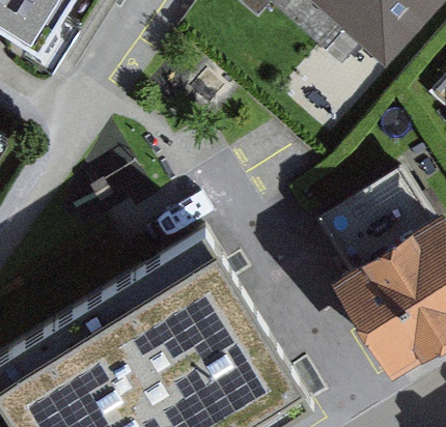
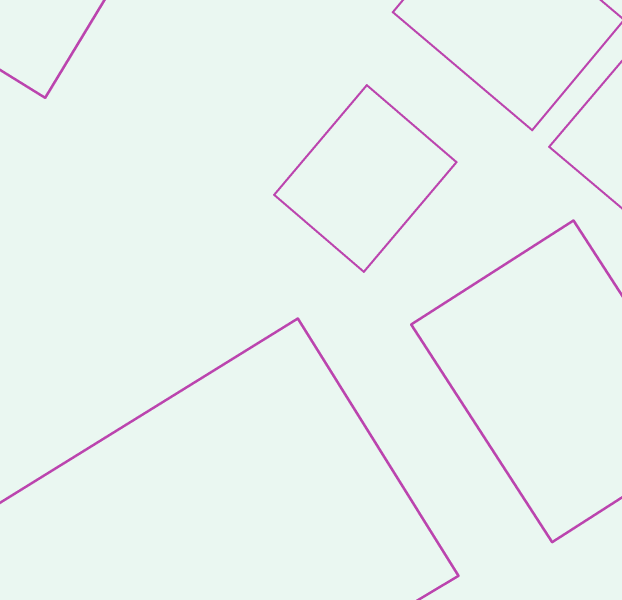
building: none -> [274,85,456,272]

